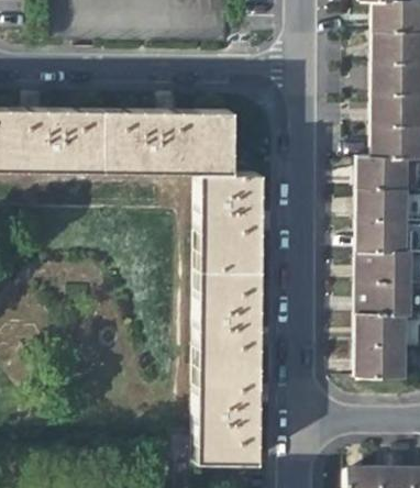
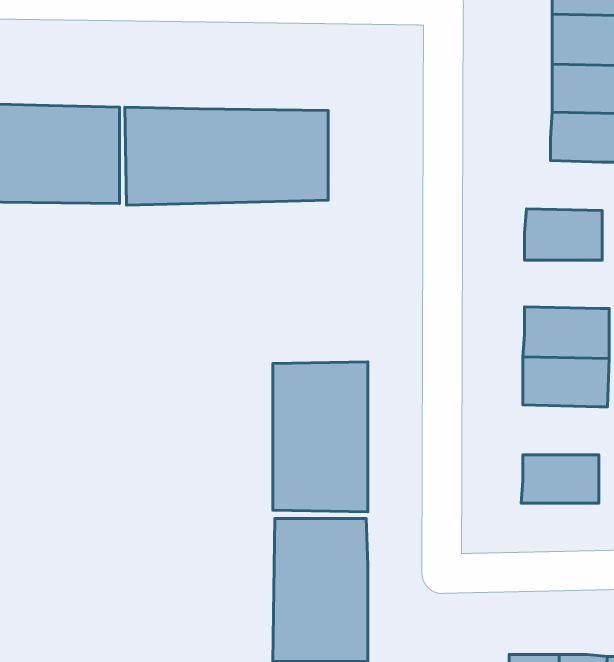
building: [360,147,408,179] -> none
building: [199,176,261,274] -> none
building: [358,211,408,242] -> none
building: [357,303,406,335] -> none

